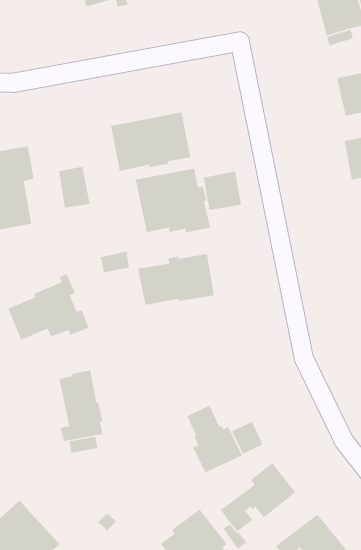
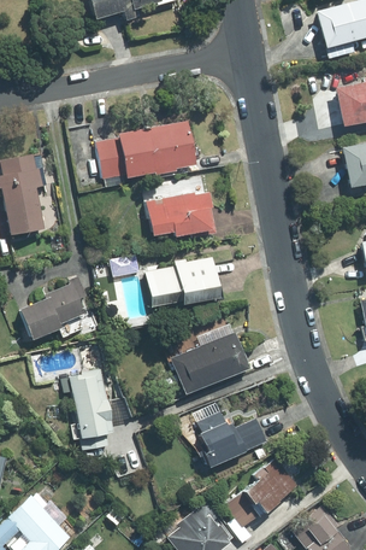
building: [58,166,91,208] -> [95,138,126,179]
building: [203,171,242,211] -> none
building: none -> [171,324,249,394]

